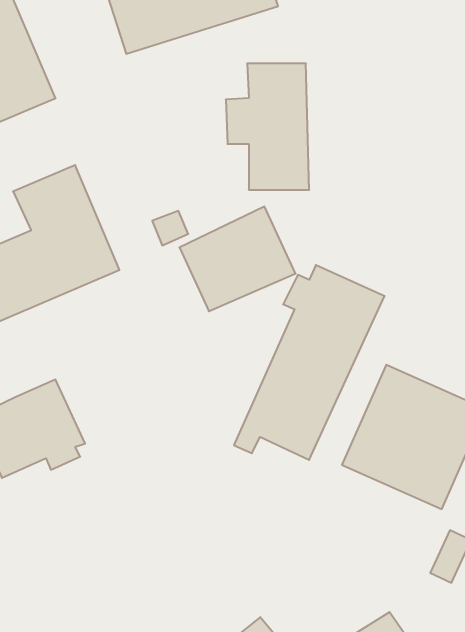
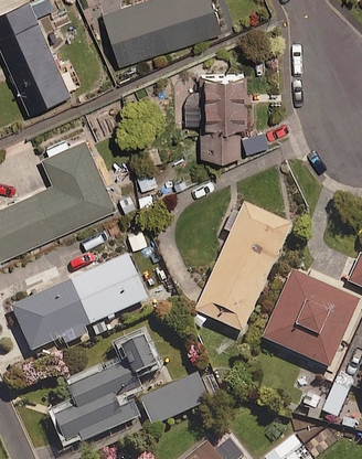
building: [179,206,296,311] -> [70,256,148,327]
building: none -> [52,338,160,446]
building: none -> [141,376,207,428]

